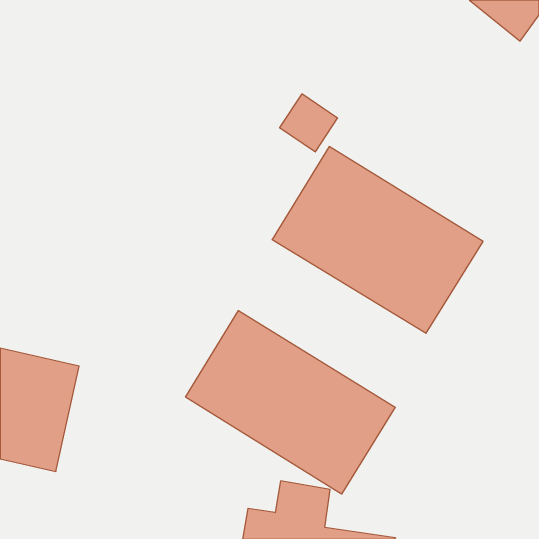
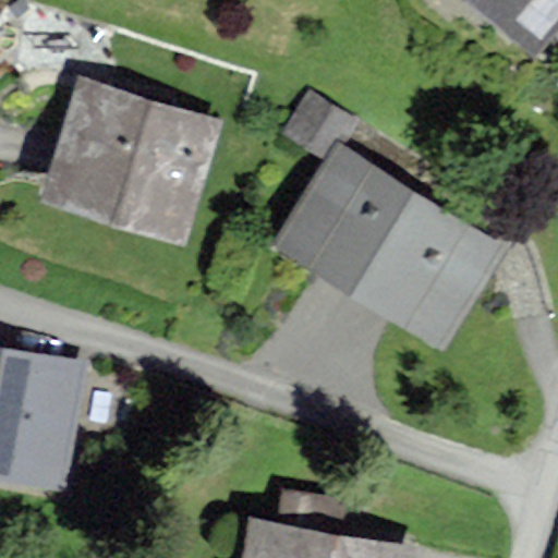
building: none -> [50,88,216,239]
building: [186,311,395,494] -> none

